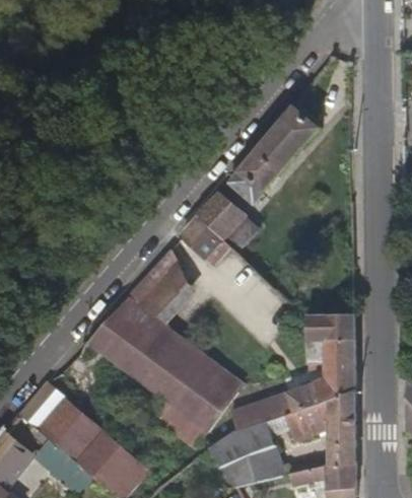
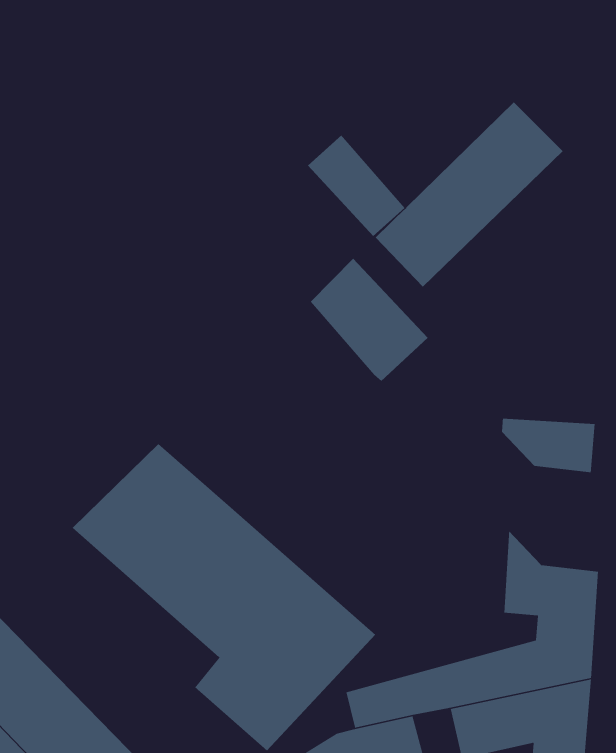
building: [181,216,232,267] -> [307,135,405,237]
building: [126,247,195,324] -> none
building: [307,315,355,341] -> [501,418,596,473]

